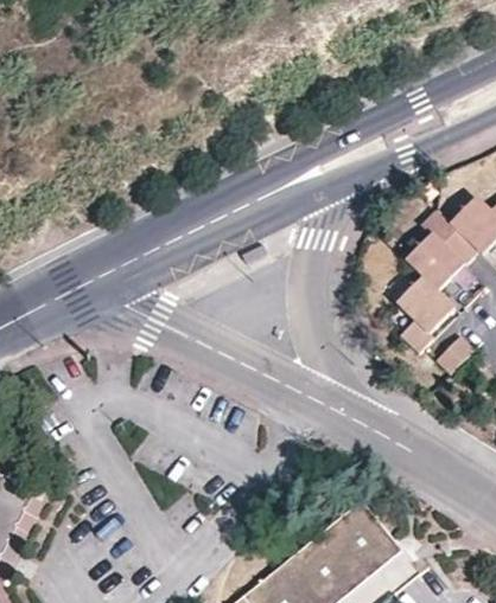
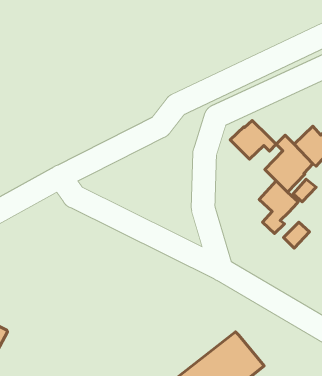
building: none -> [230,121,276,159]

